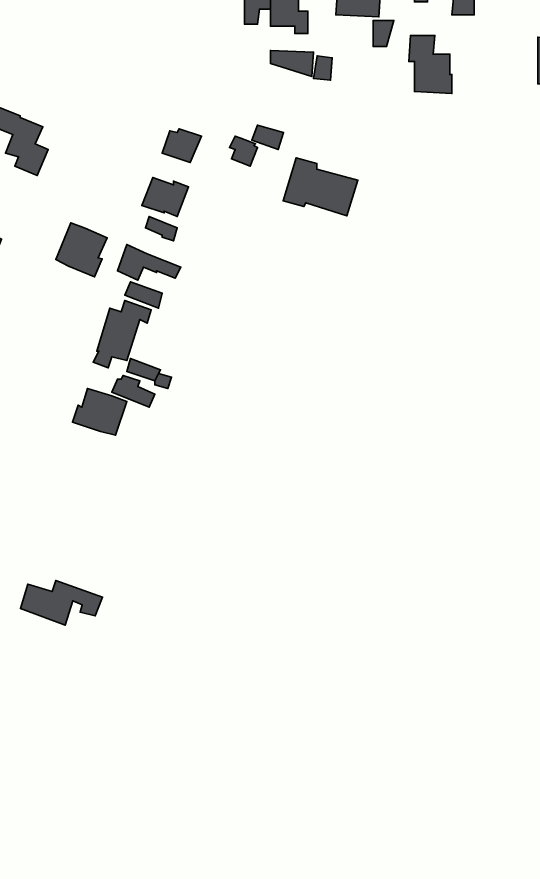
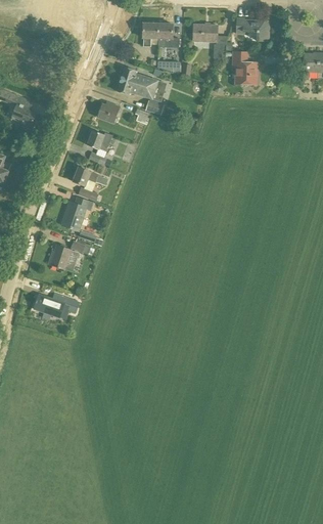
building: [283,158,358,216] -> [118,67,158,98]
building: [56,223,107,277] -> none
building: [20,580,103,625] -> [35,292,80,316]

